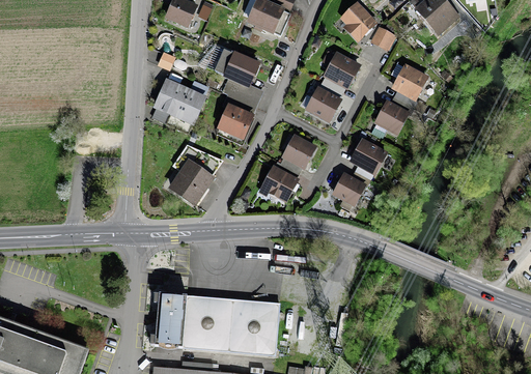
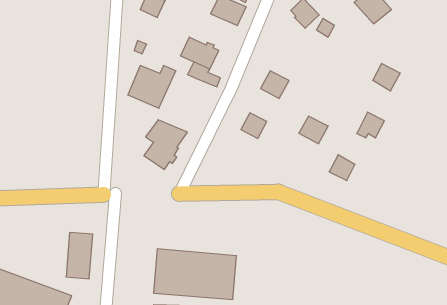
building: [325,55,358,86] -> none
building: [393,66,425,98] -> [373,63,400,91]
building: [219,97,255,138] -> none
building: [373,103,406,133] -> [357,112,384,138]
building: [262,168,296,200] -> none
building: [333,174,363,204] -> [329,155,355,181]
building: [155,293,186,347] -> [66,233,93,279]

